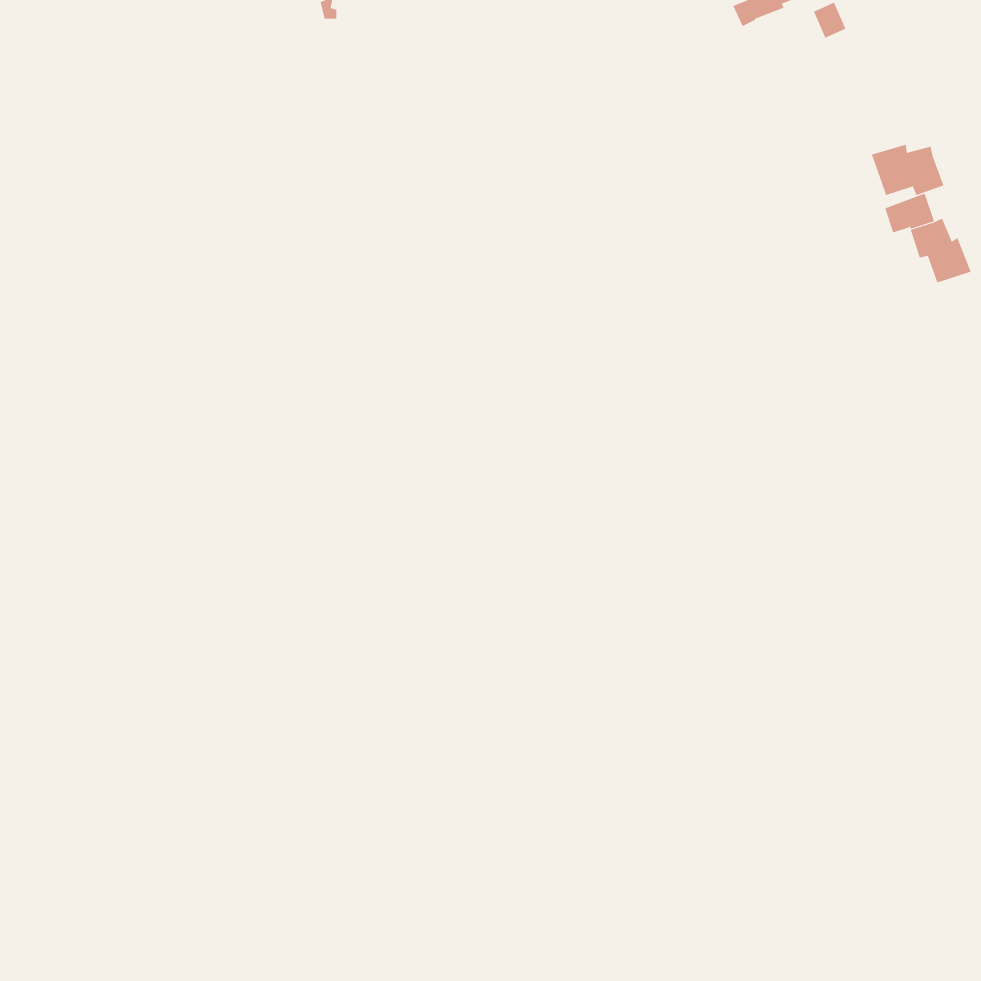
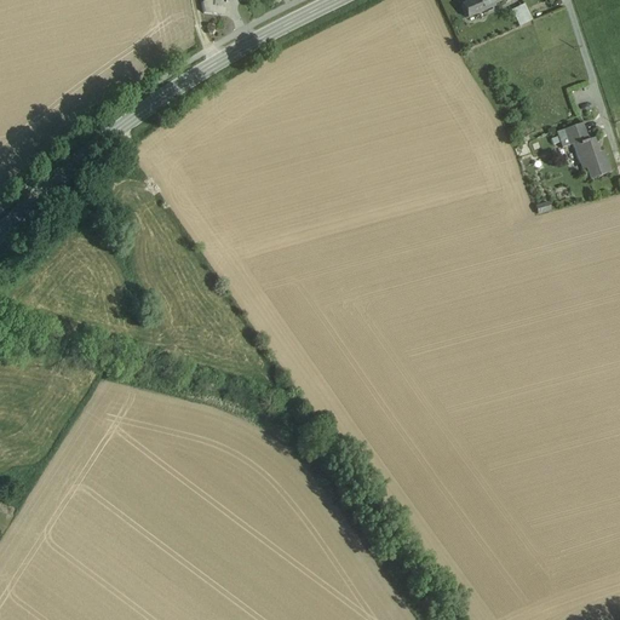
building: [871,144,944,196] -> none

